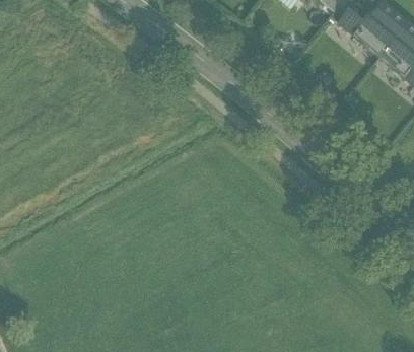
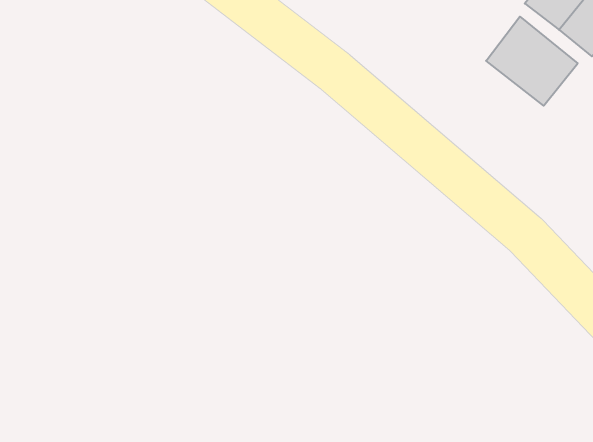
building: none -> [486,17,578,106]

